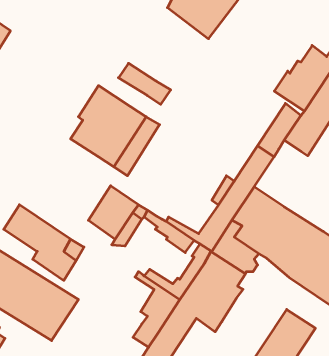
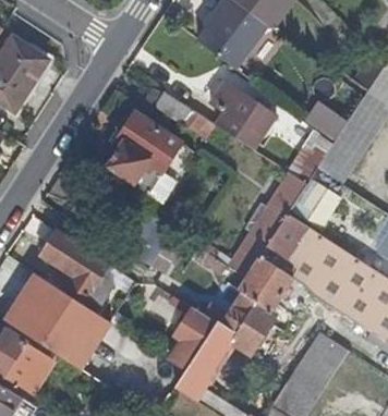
building: none -> [210,79,276,148]
building: none -> [287,175,341,232]

